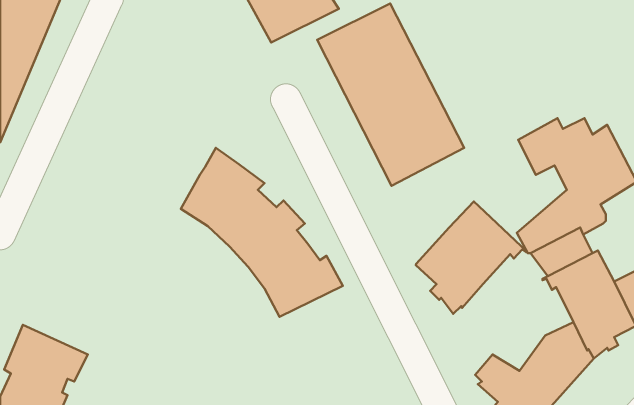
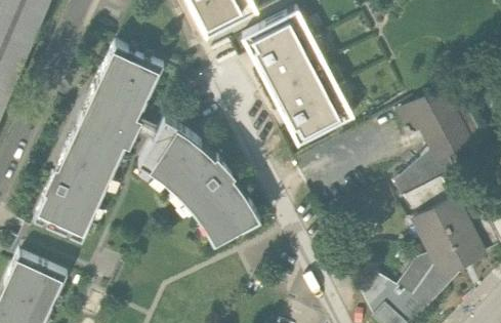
building: none -> [33,42,164,242]
building: [416,202,526,314] -> none

